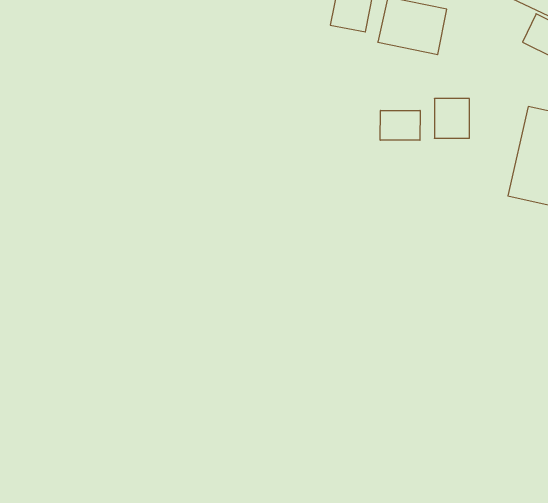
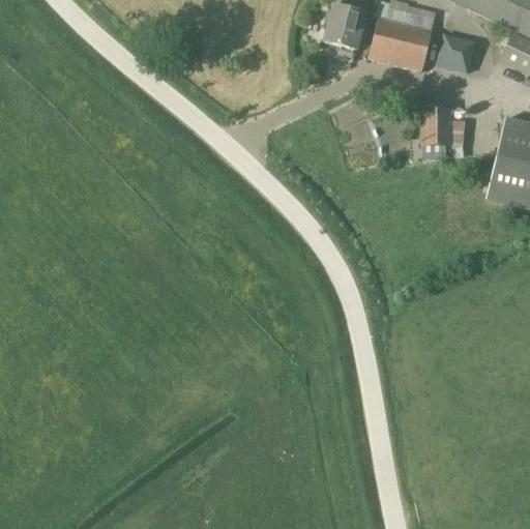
building: none -> [437,33,475,70]
building: [380,110,420,140] -> none

